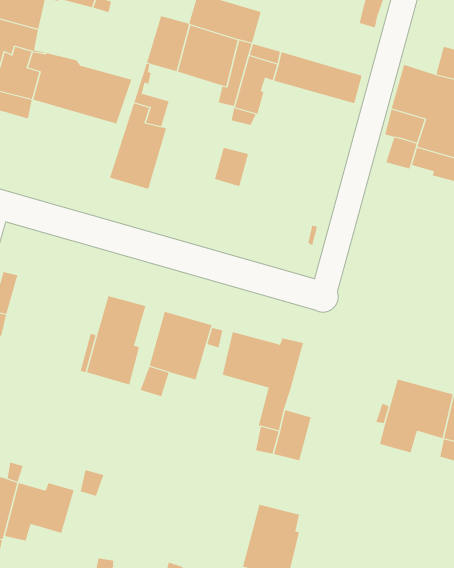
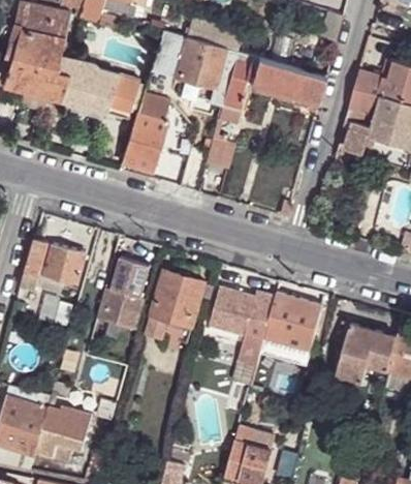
building: none -> [41,242,85,293]
building: none -> [267,293,323,346]

